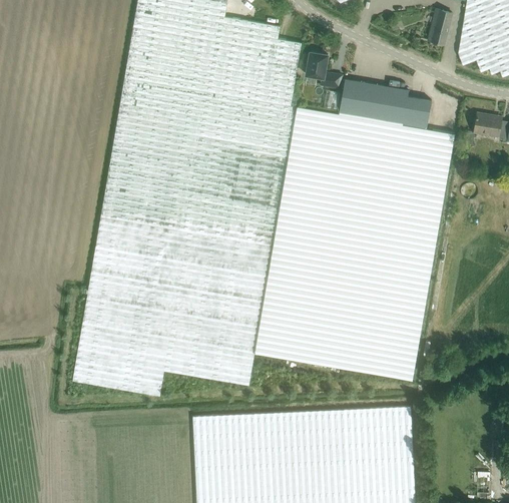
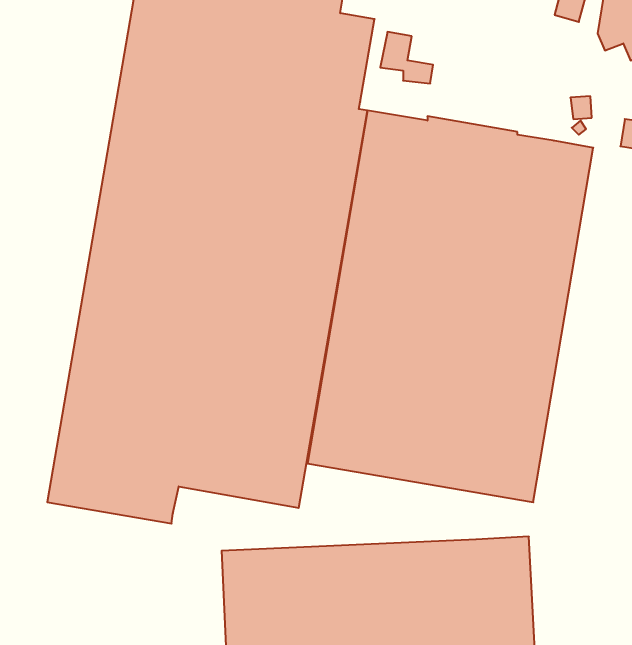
building: [339,78,432,127] -> none

